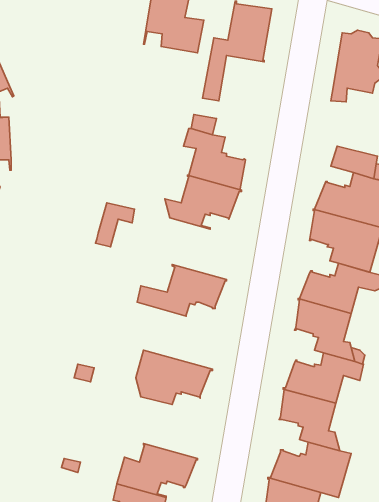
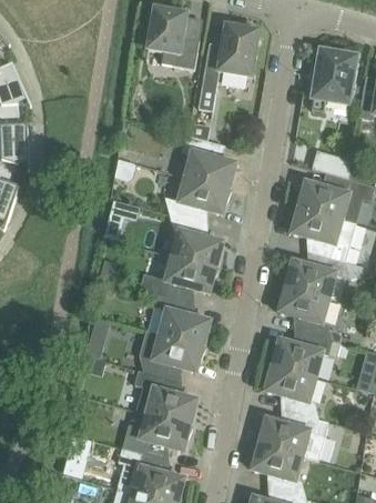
building: none -> [169,213,222,268]
building: none -> [145,292,210,346]
building: none -> [134,370,196,425]

